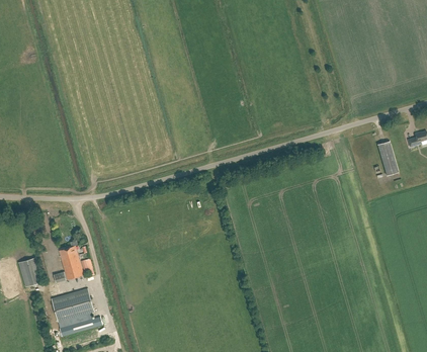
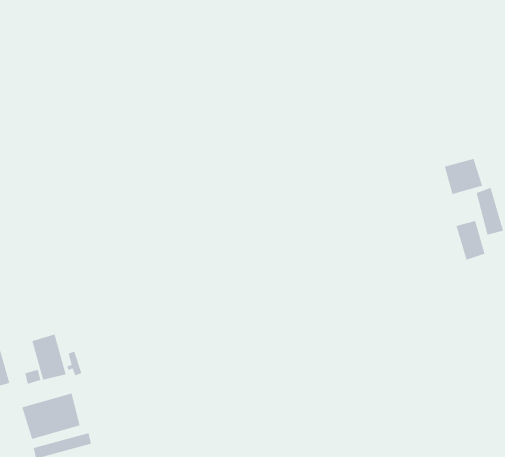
building: none -> [444,158,483,195]
building: none -> [456,220,485,260]

